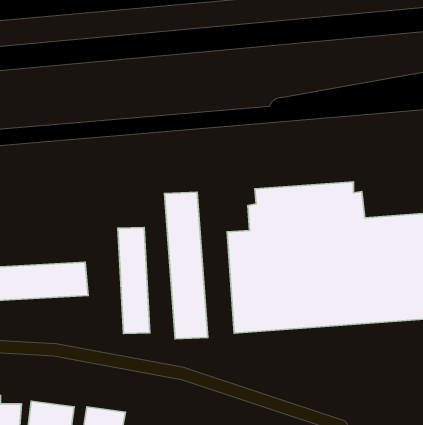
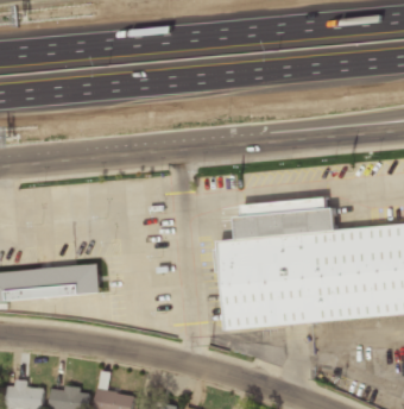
building: [165,192,208,339] -> none
building: [118,228,150,334] -> none

